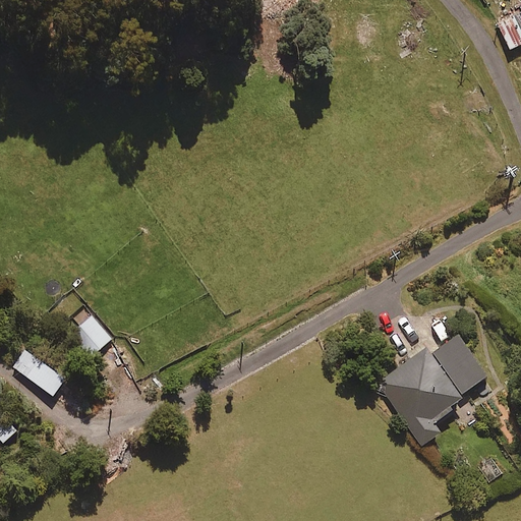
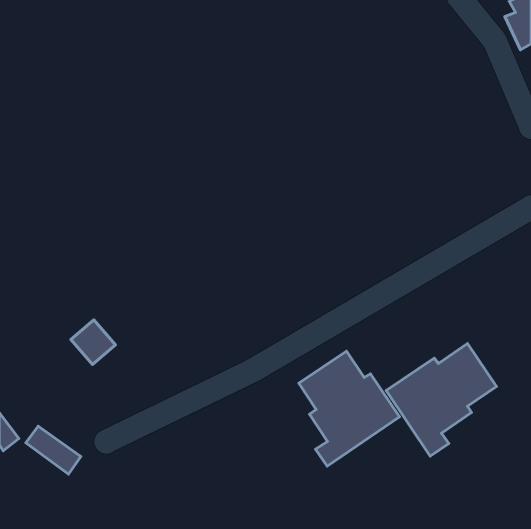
building: none -> [299,351,399,466]
building: [13,348,67,395] -> [26,426,81,474]

